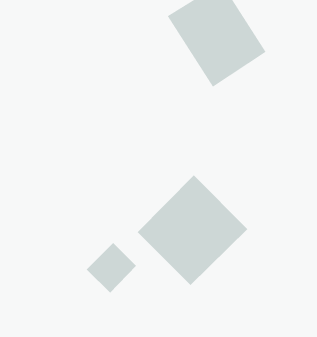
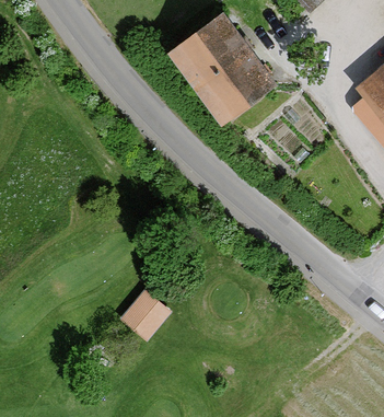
building: [137,174,248,286] -> none

